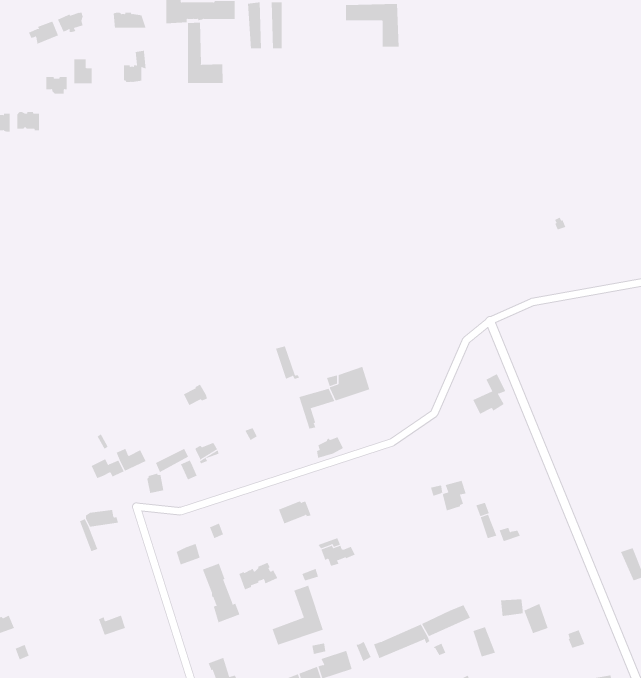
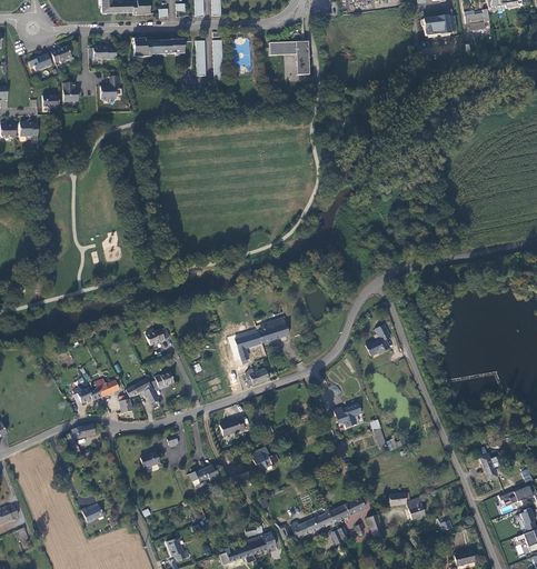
building: [187,22,223,84] -> none
building: [202,563,240,623] -> none
building: [272,585,323,645] -> none

